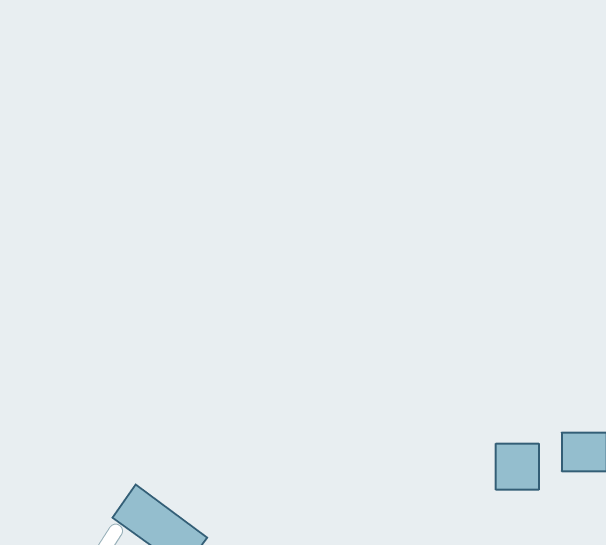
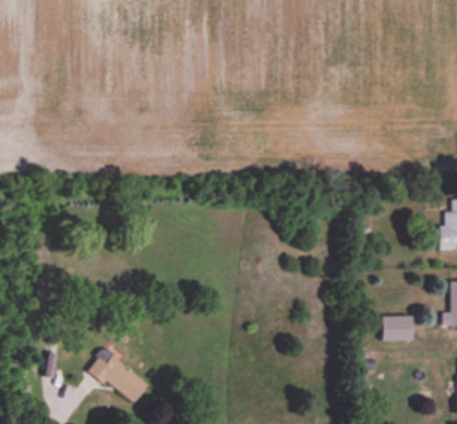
building: [496,444,539,490] -> none

